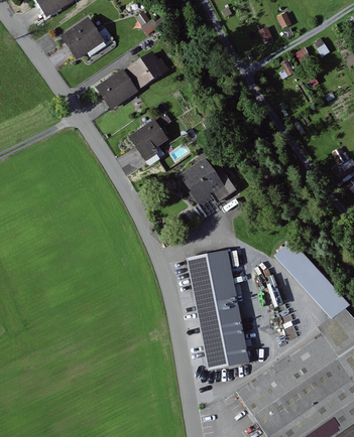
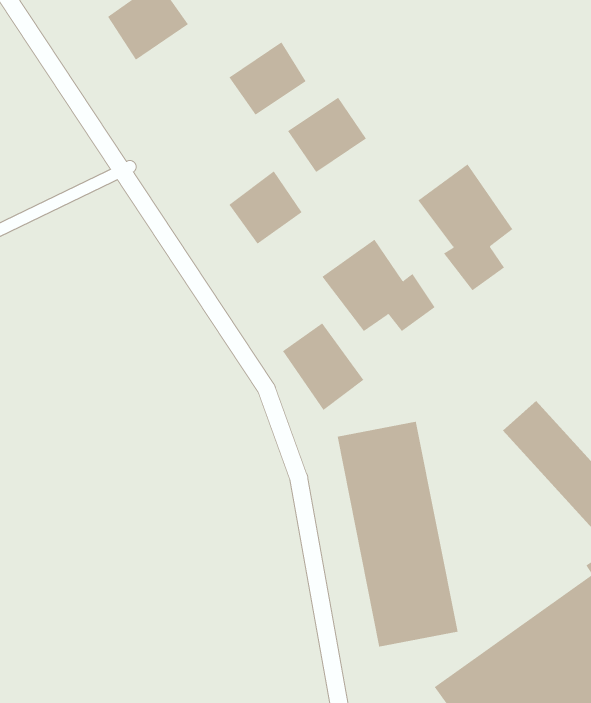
building: [98,68,140,109] -> [287,97,367,173]
building: none -> [418,164,513,291]
building: none -> [282,322,364,411]

